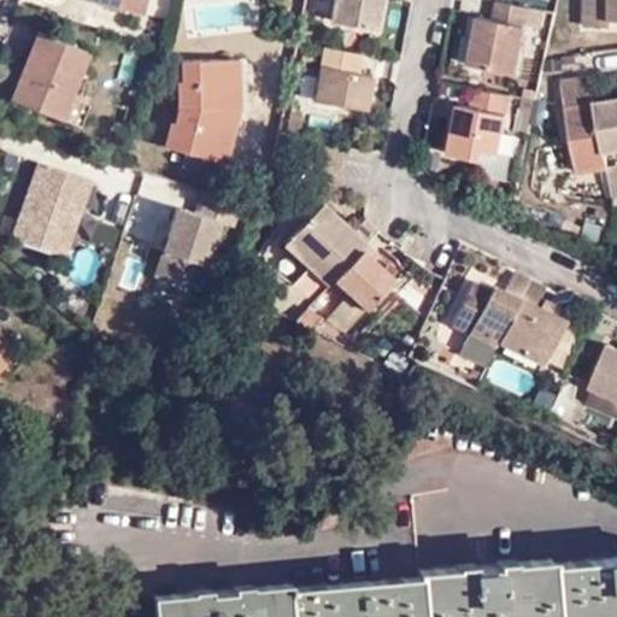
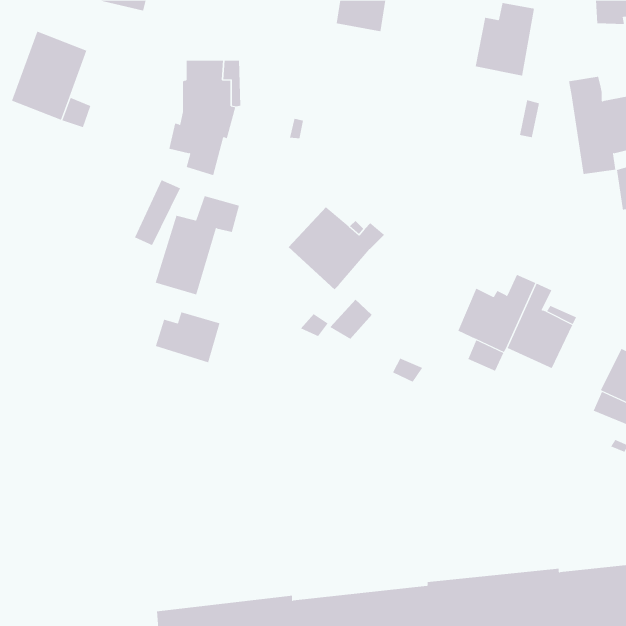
building: [315,52,369,114] -> none
building: [448,92,507,163] -> none
building: [12,172,87,265] -> none
building: [335,247,395,311] -> none
building: none -> [155,311,220,363]

